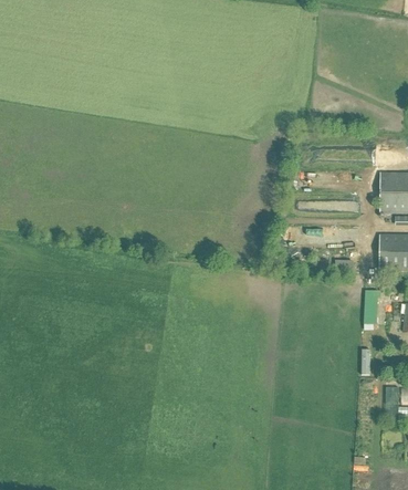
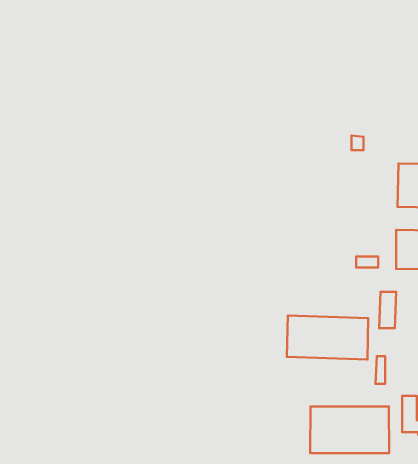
building: none -> [287,315,368,360]
building: none -> [310,406,389,453]

